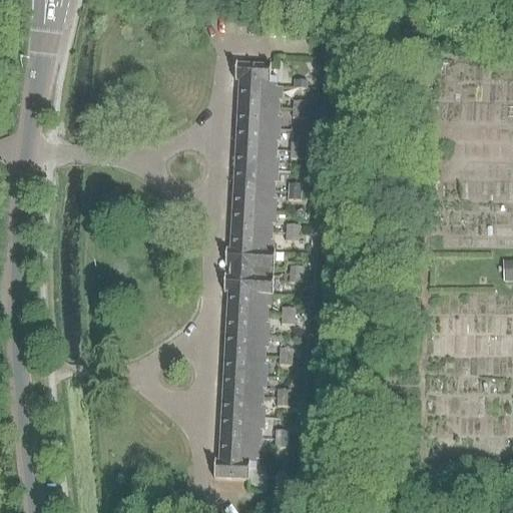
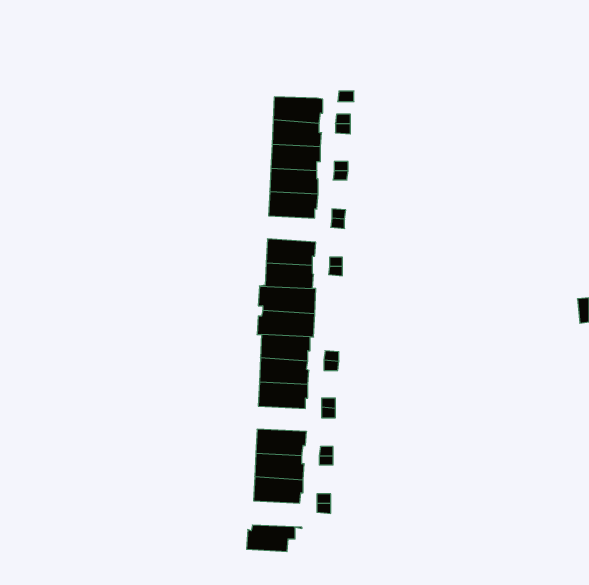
building: [235,63,276,85] -> none
building: [232,187,275,210] -> none
building: [223,353,267,375] -> none
building: [219,435,263,458] -> none

